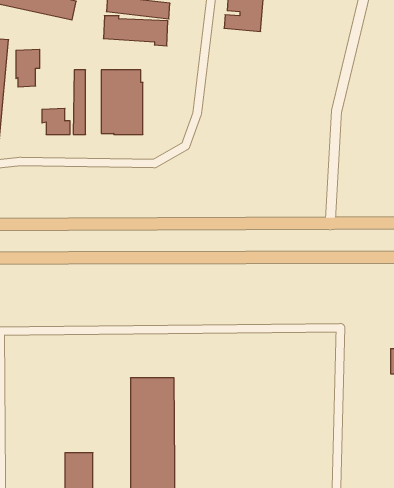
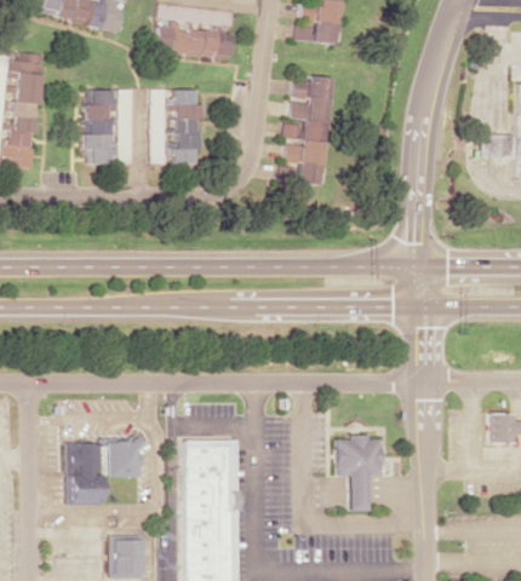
building: [16,49,40,87] -> [87,87,115,131]
building: none -> [284,74,332,182]
building: none -> [337,432,382,508]
building: none -> [64,435,143,502]

